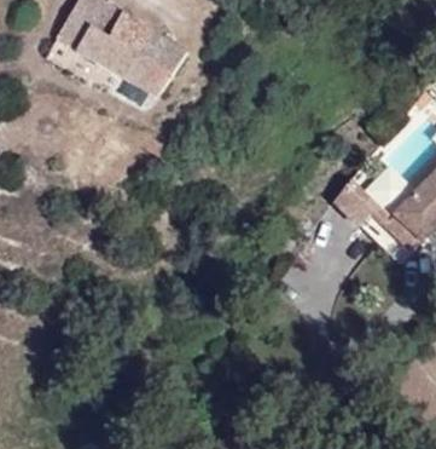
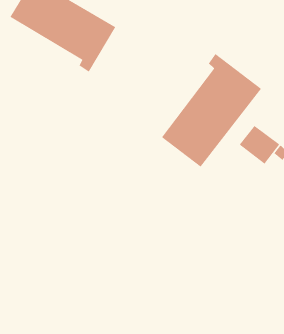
building: none -> [161,53,262,168]

